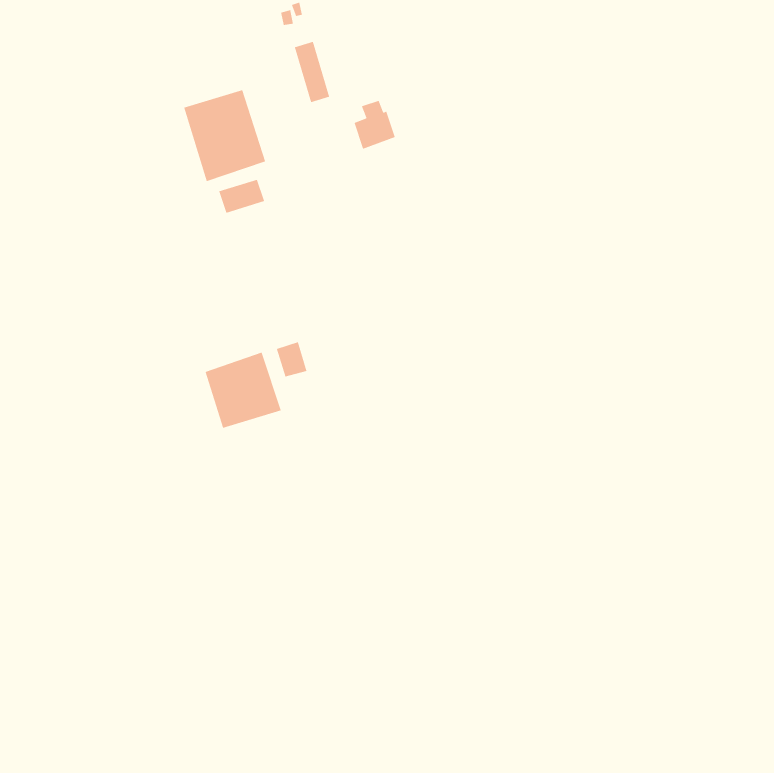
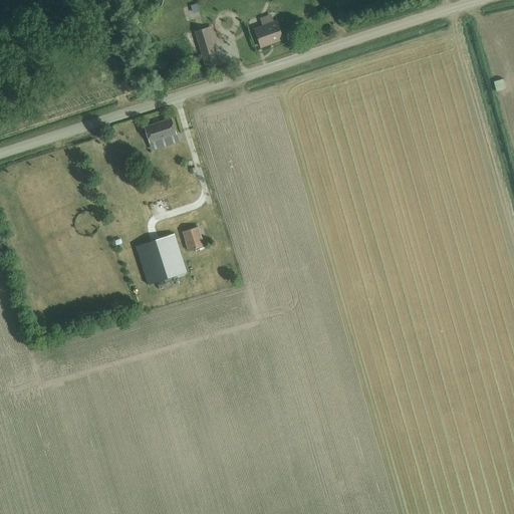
building: [183,89,266,182] -> none
building: [353,100,396,150] -> [254,14,282,47]

